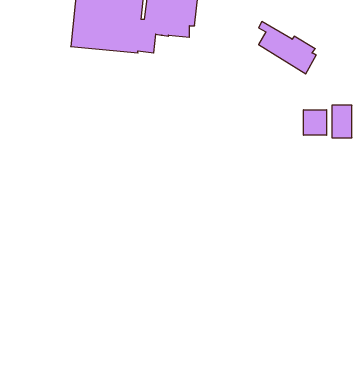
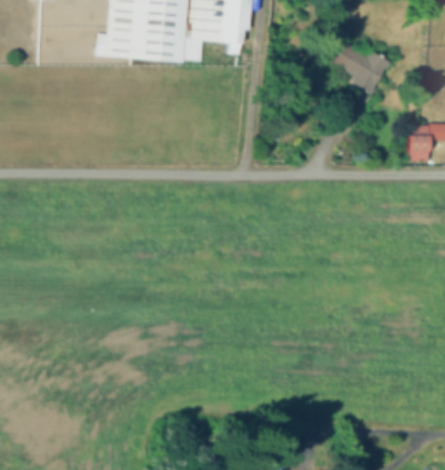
building: [304,110,327,135] -> none

